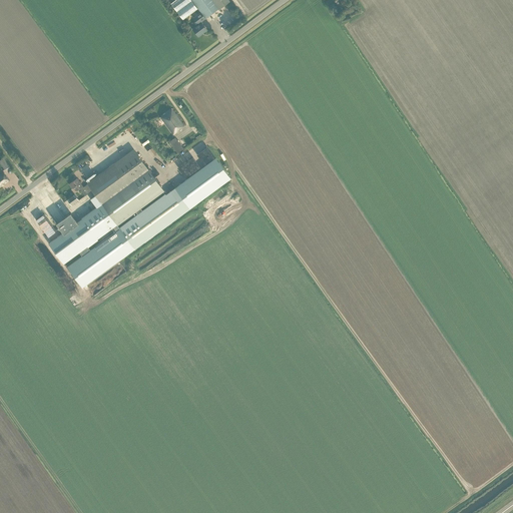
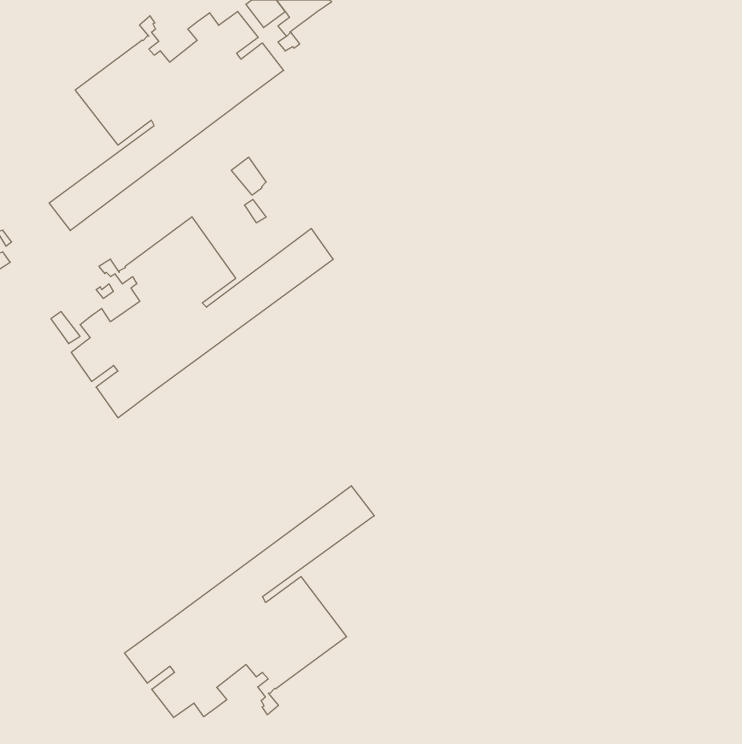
building: none -> [49,11,284,231]
building: none -> [124,486,374,718]

